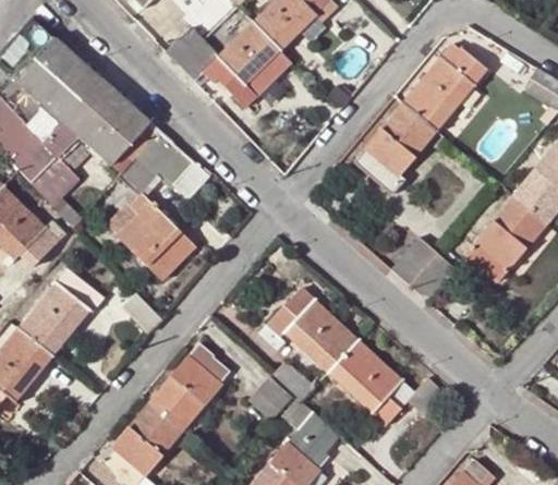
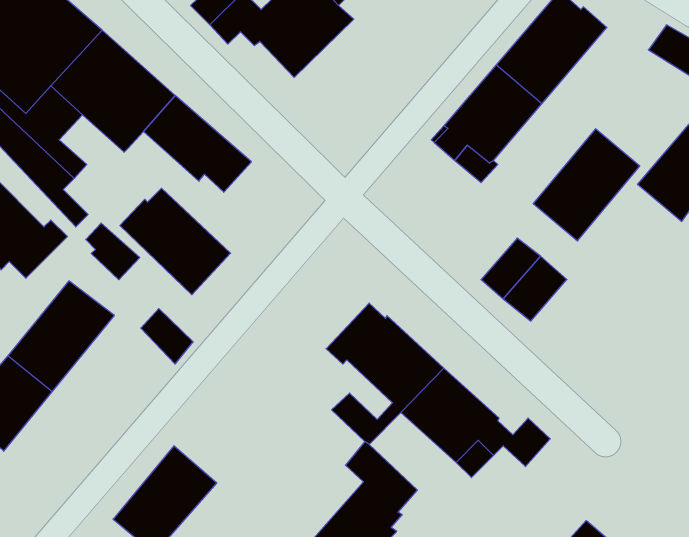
building: [112,151,155,196] -> [86,223,140,280]
building: [464,193,548,281] -> [533,129,640,241]
building: [148,340,230,428] -> none
building: [247,373,292,417] -> none

